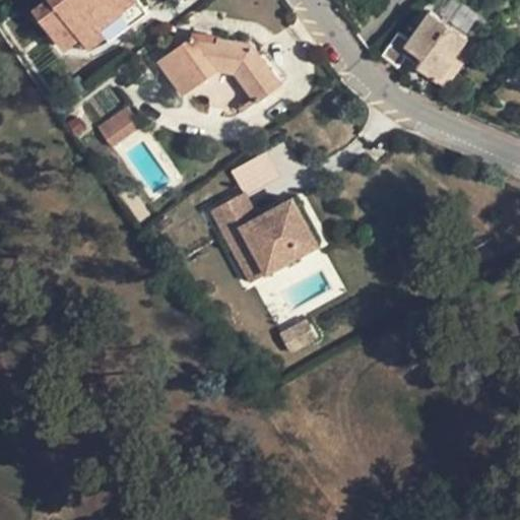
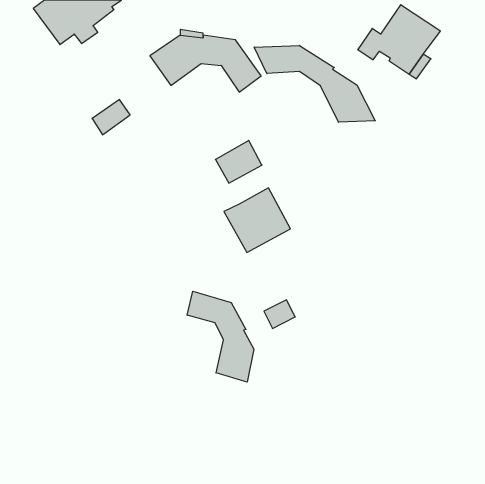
building: none -> [254,45,375,122]
building: [214,197,264,280] -> none
building: none -> [187,291,254,382]

